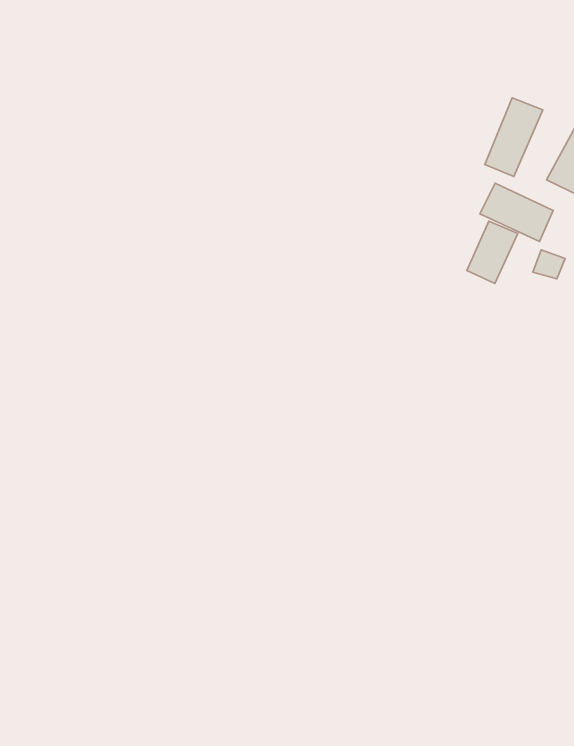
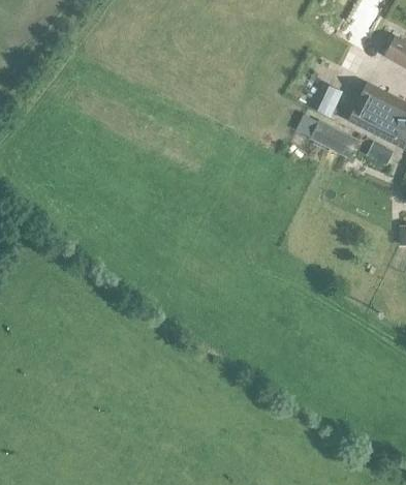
building: [467,221,518,284] -> none

